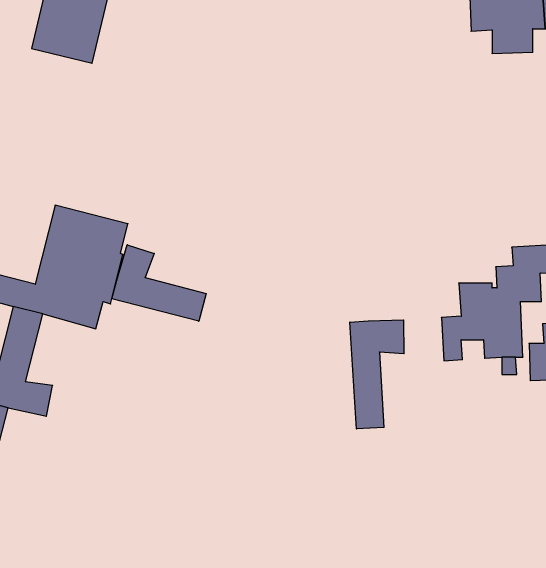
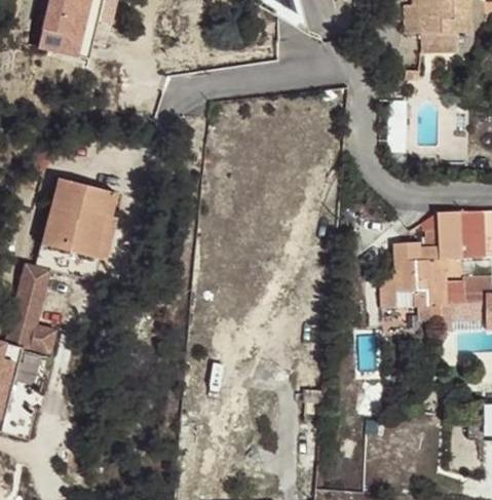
building: [112,245,206,321] -> none
building: [350,320,404,429] -> none

